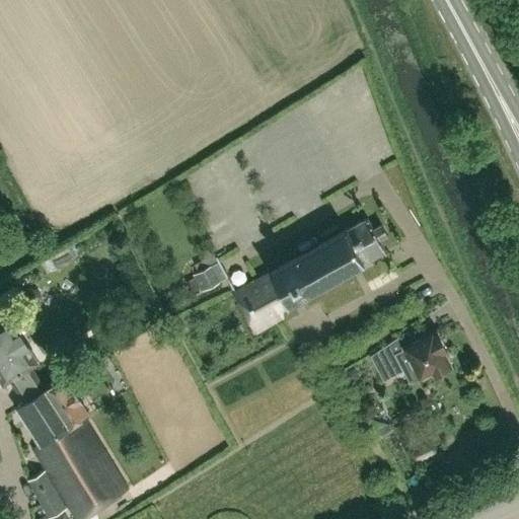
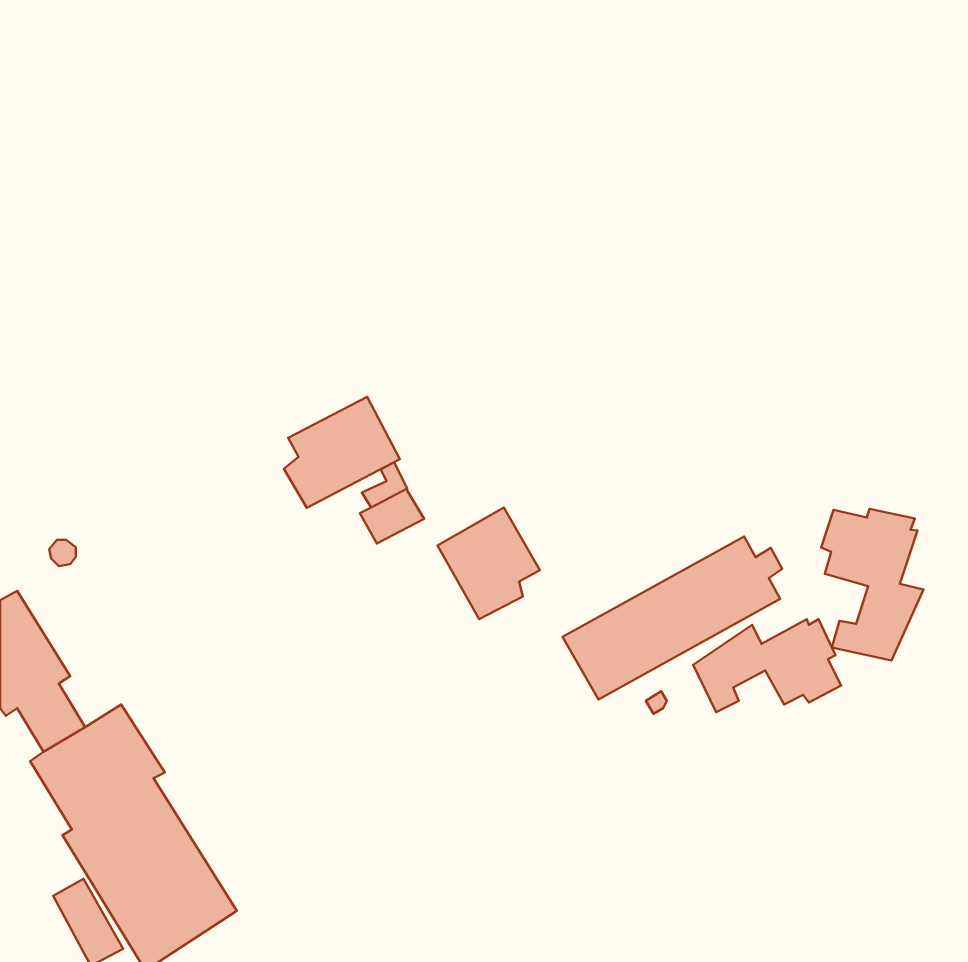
building: none -> [284,397,400,508]
building: [270,221,387,308] -> [562,536,782,699]
building: none -> [821,509,924,661]

